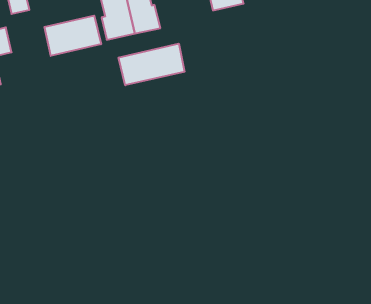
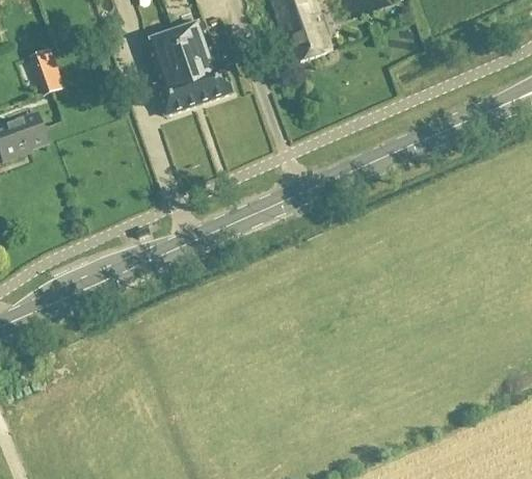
building: [44,16,101,56] -> none
building: [119,44,185,85] -> none

